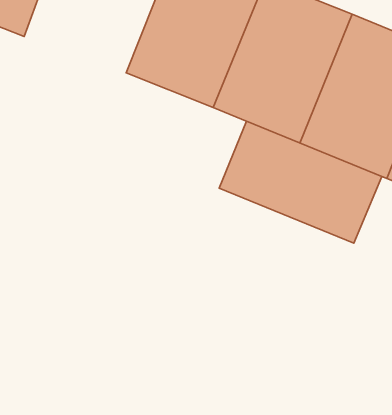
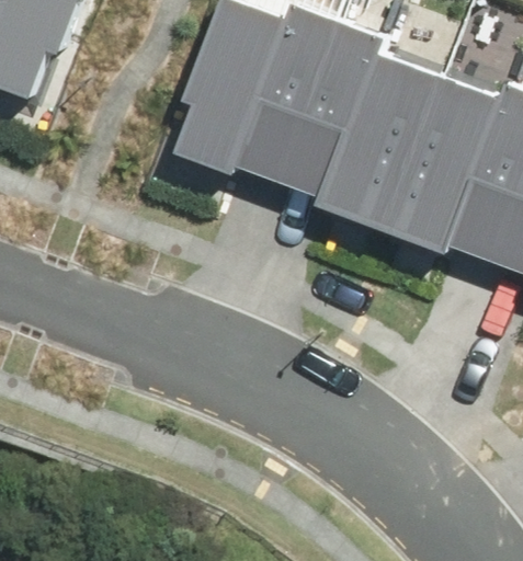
building: [219,121,382,243] -> none

